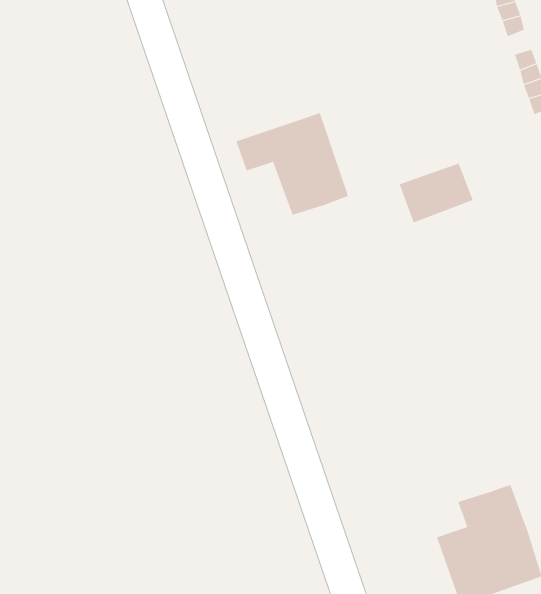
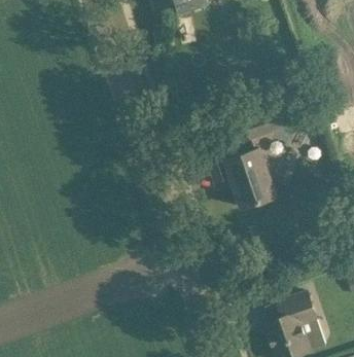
building: [235,113,349,216] -> [210,147,276,207]

